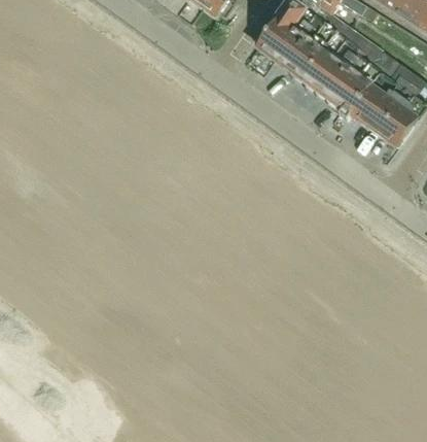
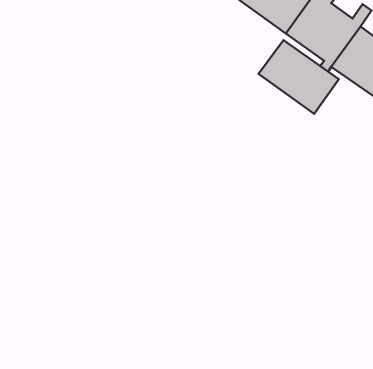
building: none -> [258,40,339,114]

